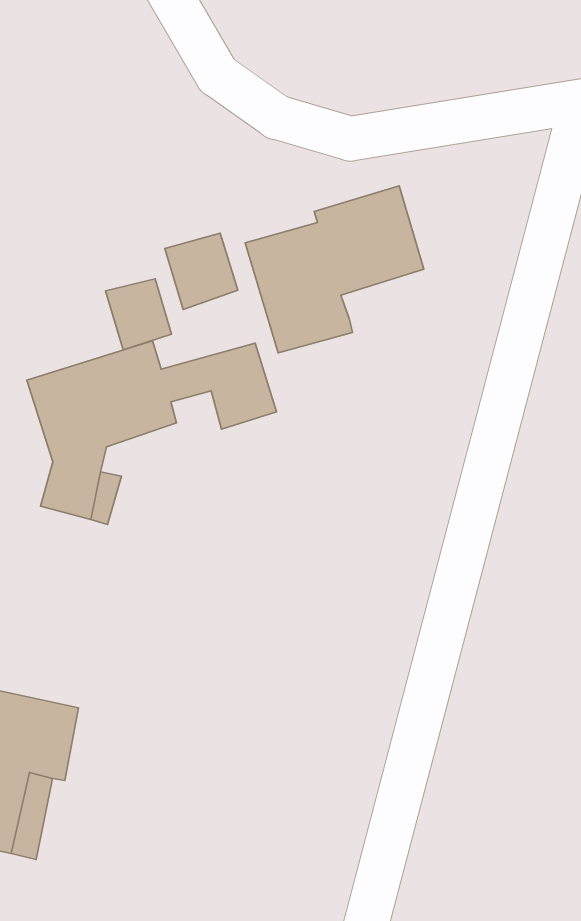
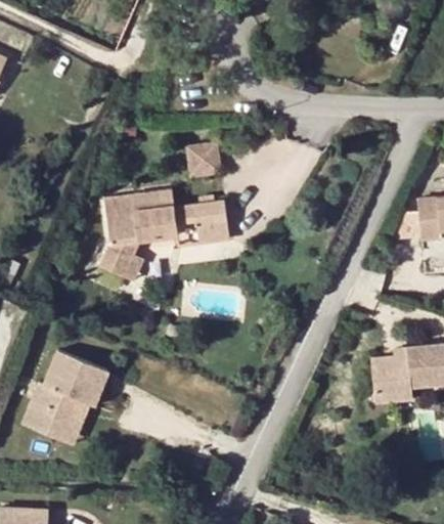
building: [245,186,424,353] -> none
building: [106,279,172,350] -> none

